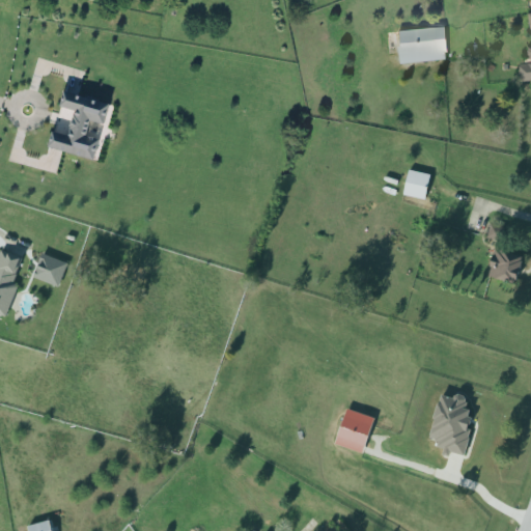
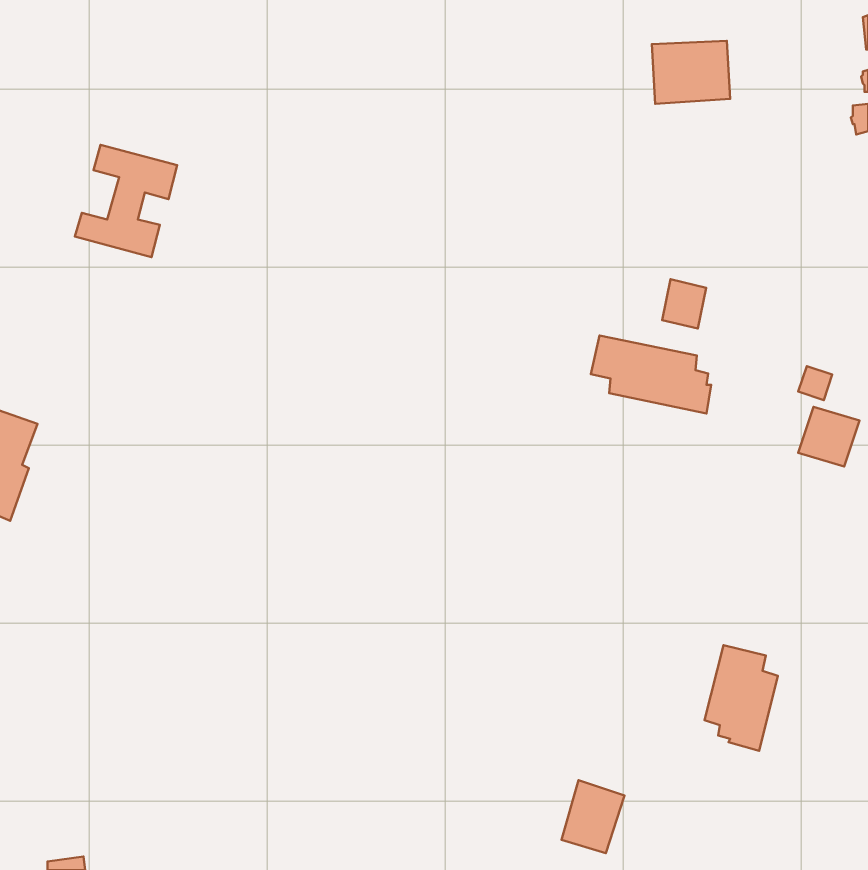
building: none -> [591,335,711,413]
building: [33,254,68,287] -> none
building: [336,409,374,453] -> [561,780,624,853]

